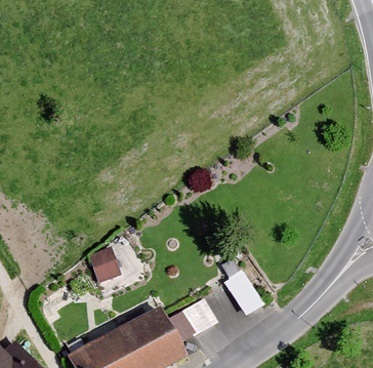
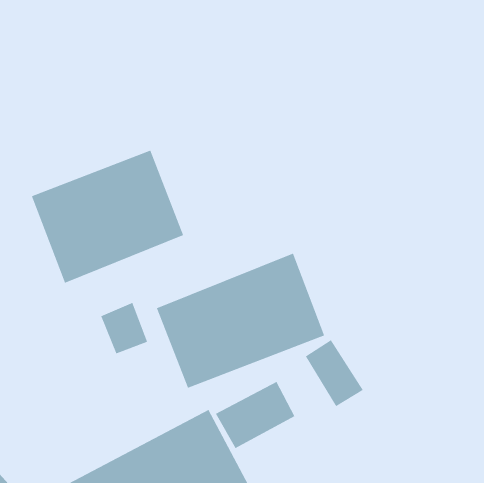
building: none -> [31,150,184,284]
building: none -> [156,253,325,389]

